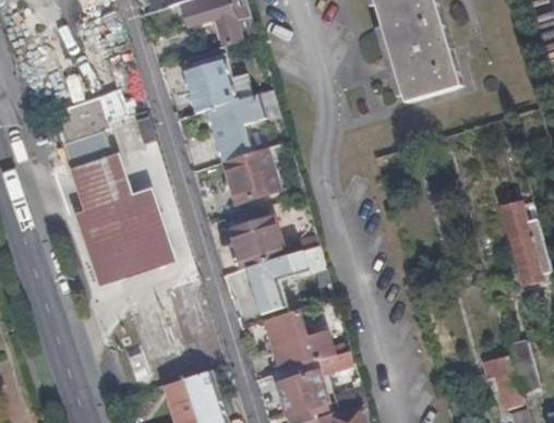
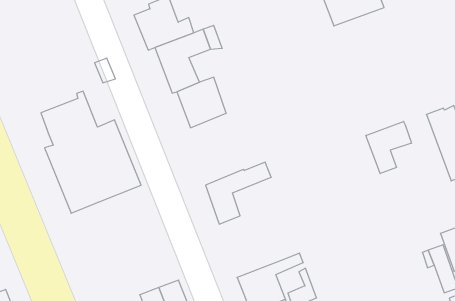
building: [53,97,111,173] -> none
building: none -> [366,121,411,174]
building: [230,218,315,271] -> none
building: [263,310,332,374] -> none

